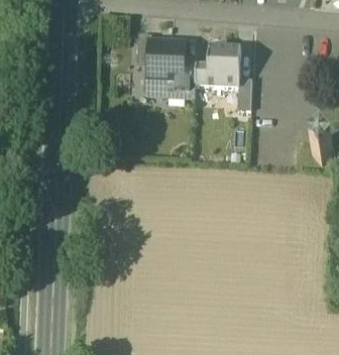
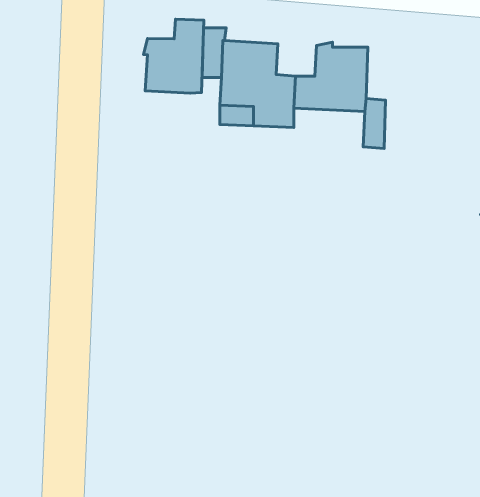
building: none -> [143,19,204,93]

